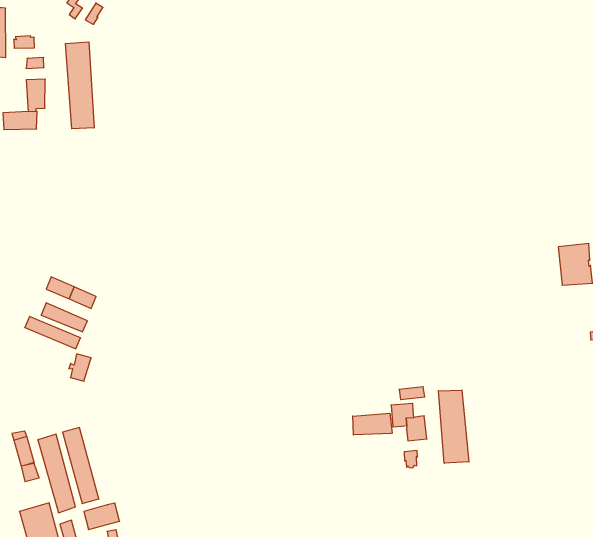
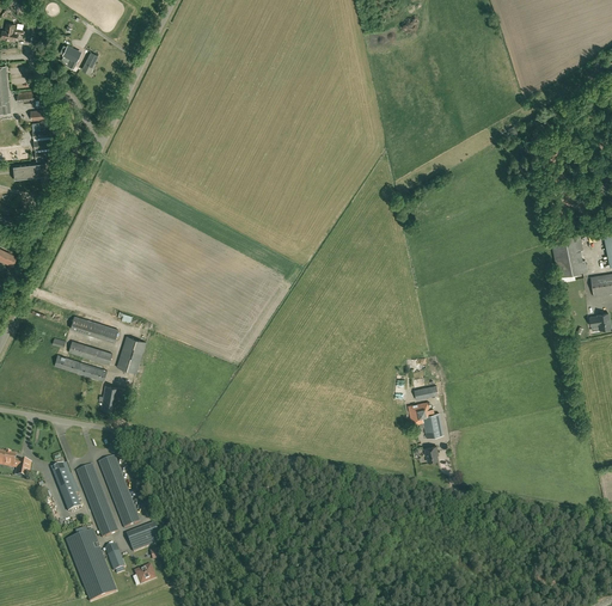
building: [66,42,94,129] -> none
building: none -> [117,336,146,373]
building: [439,390,469,463] -> none
building: [353,413,392,435] -> none

